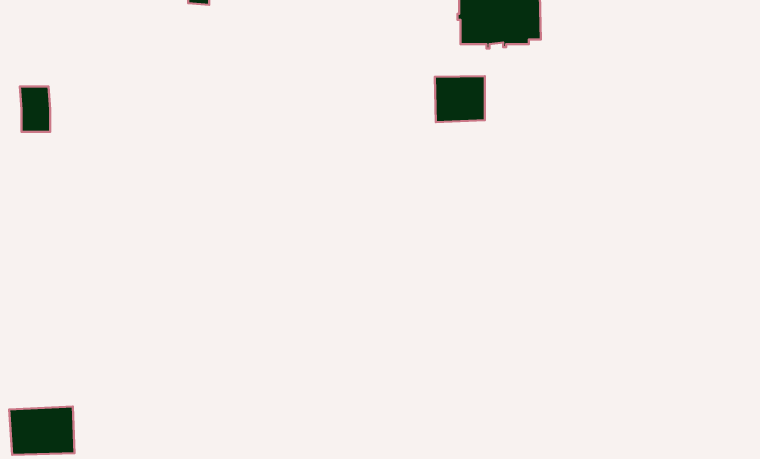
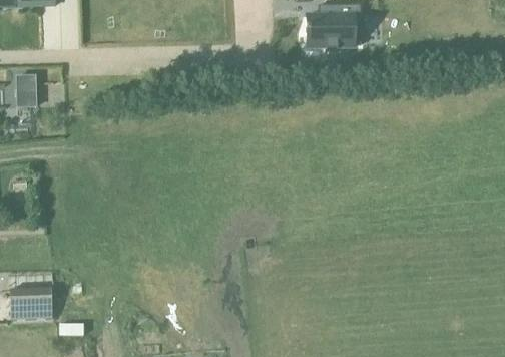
building: [435,76,485,122] -> none

